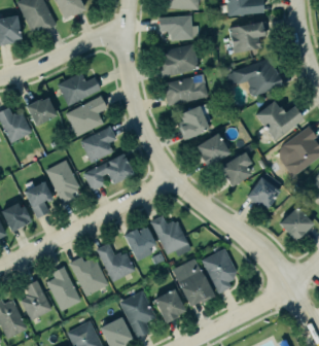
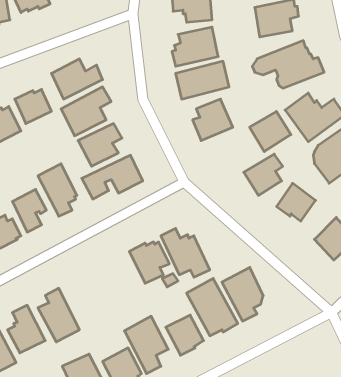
building: [196,134,231,168] -> [250,111,291,152]
building: [97,243,135,282] -> none
building: [69,256,109,297] -> none

